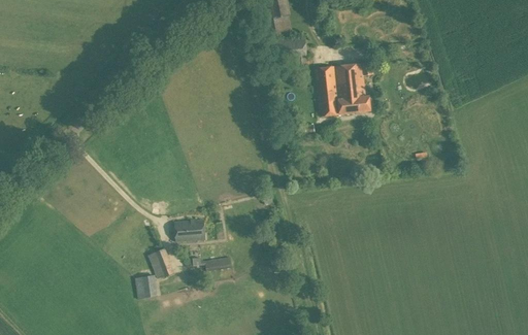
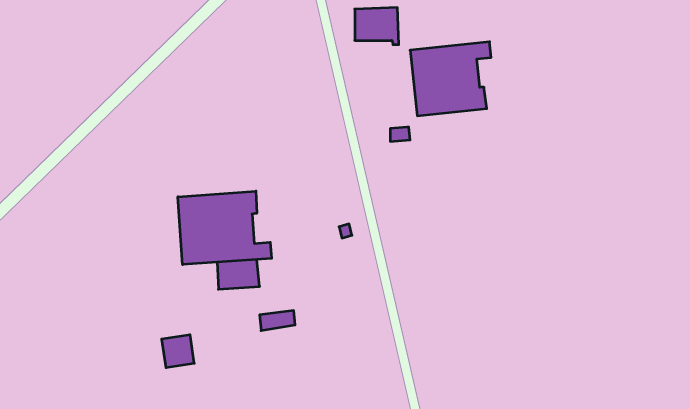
building: none -> [178,191,272,265]
building: [147,247,175,278] -> none

